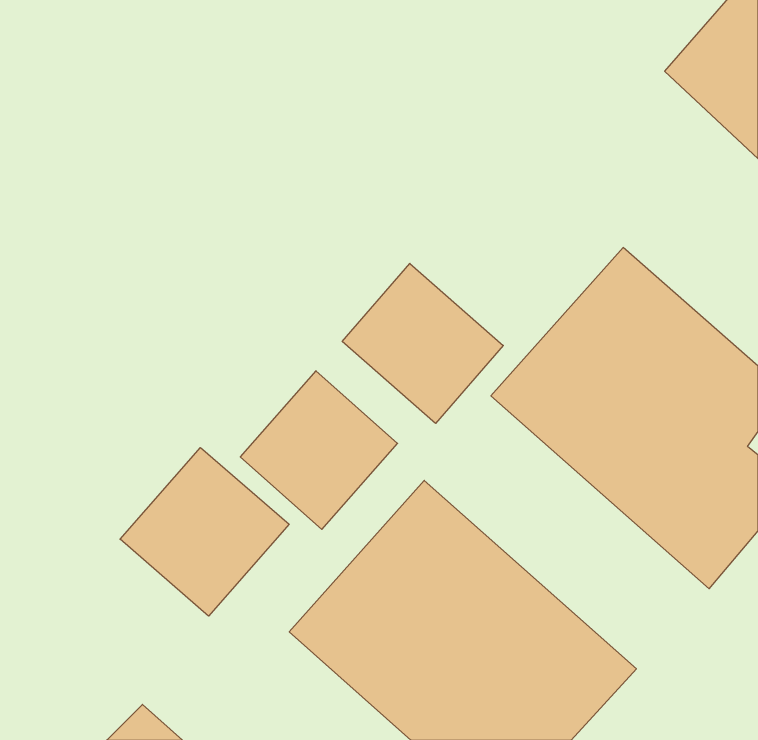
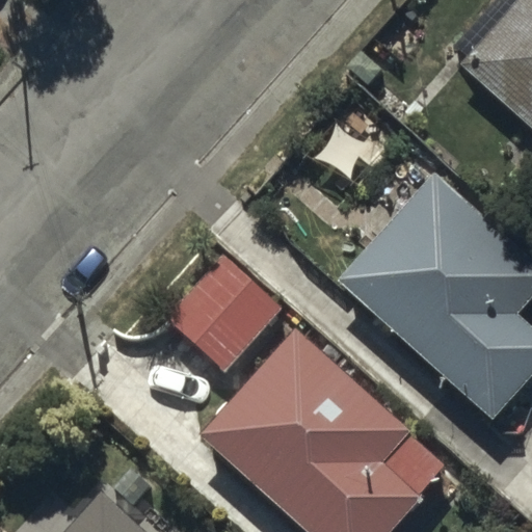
building: [342,263,503,423] -> none
building: [120,448,289,616] -> none

